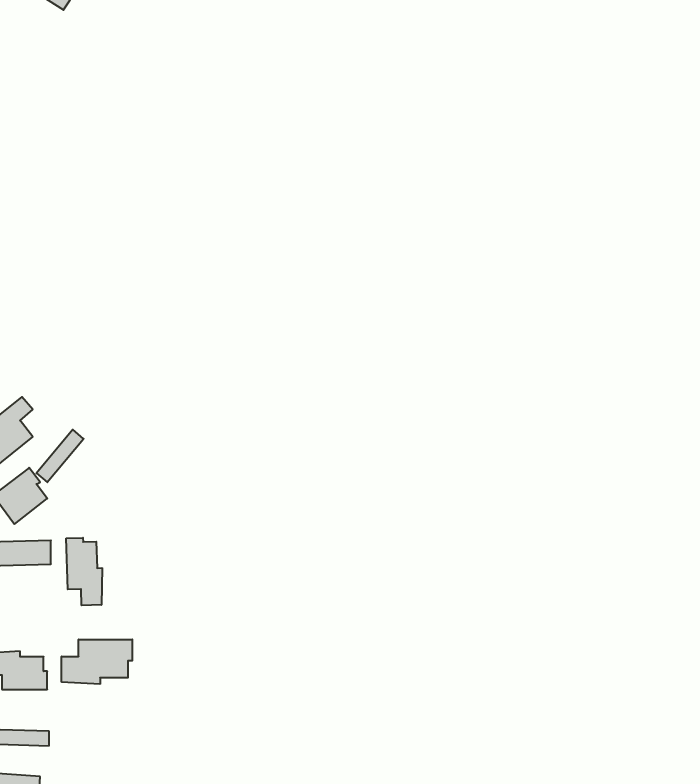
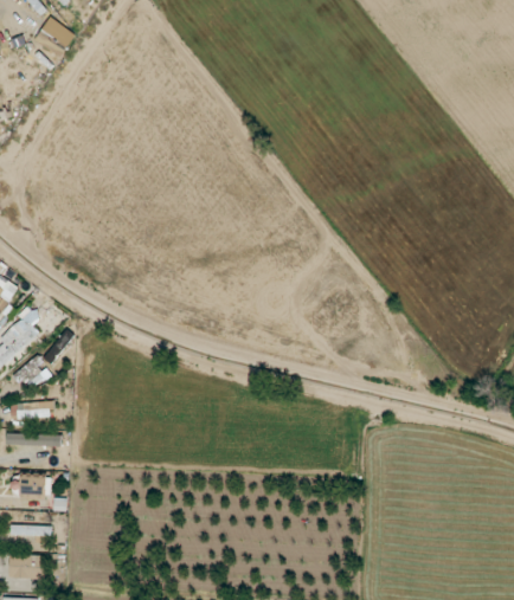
building: [66,538,102,605] -> none
building: [62,639,132,684] -> none

